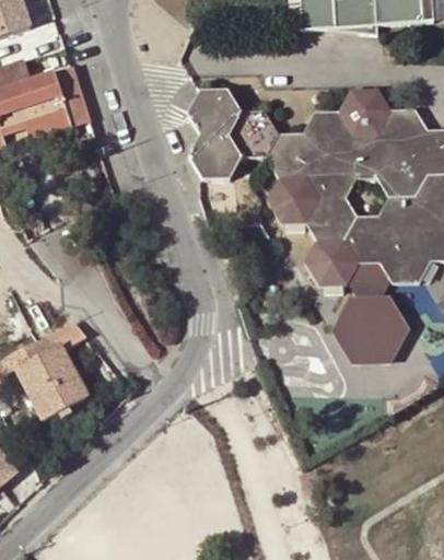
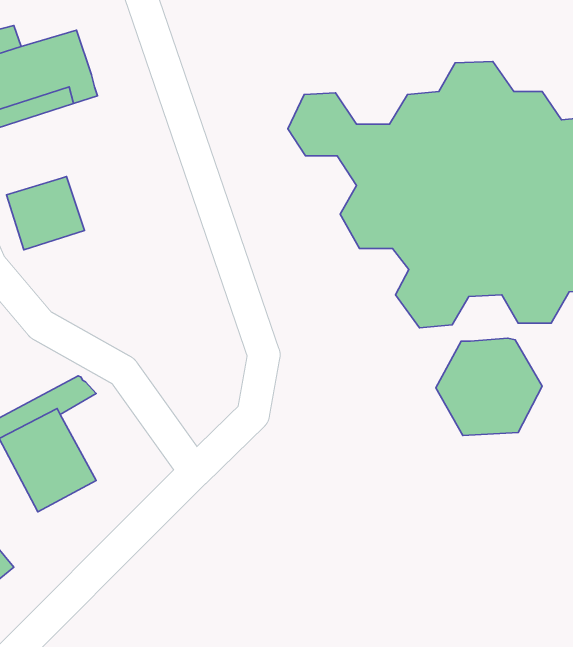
building: [185,93,241,182] -> none
building: none -> [7,176,85,250]
building: [348,260,396,294] -> none

